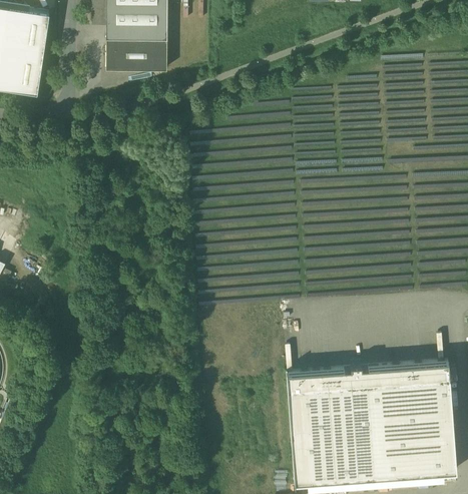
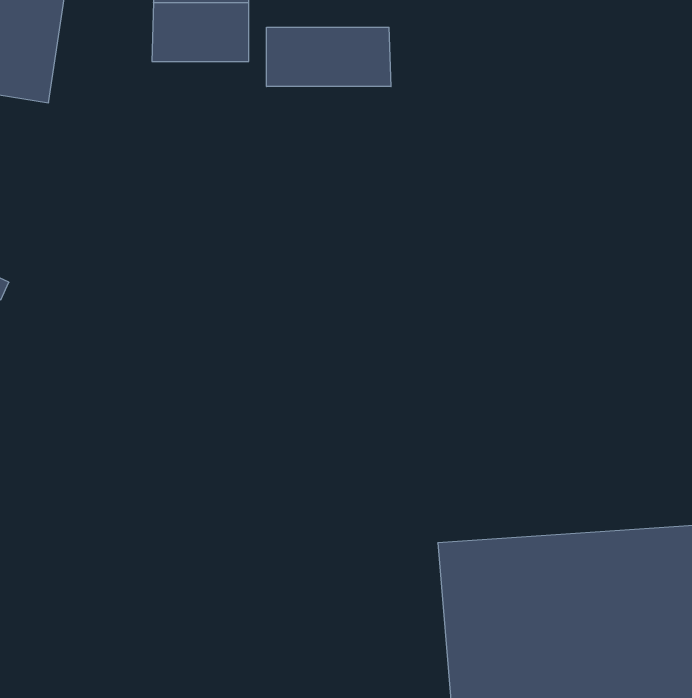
building: none -> [267,27,391,87]

